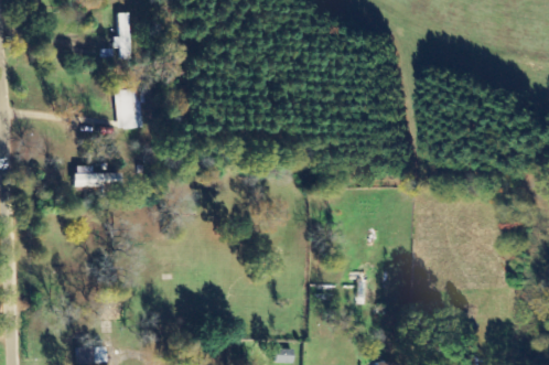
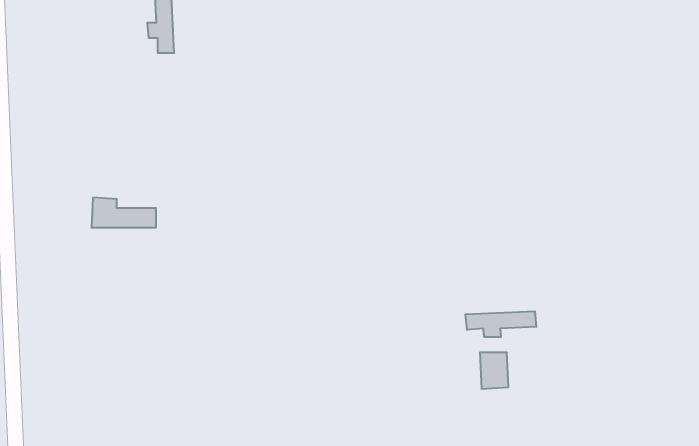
building: [120,87,148,128] -> none
building: none -> [466,311,536,337]

